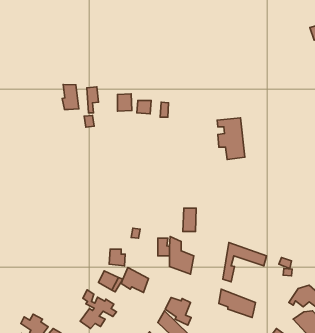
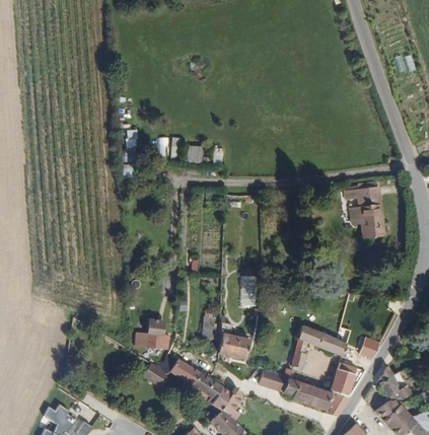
building: [62,85,79,110] -> none
building: [217,118,245,160] -> [351,186,384,236]
building: none -> [323,353,354,412]
building: none -> [190,364,227,402]
building: none -> [258,369,284,394]
building: [80,290,116,329] -> none

